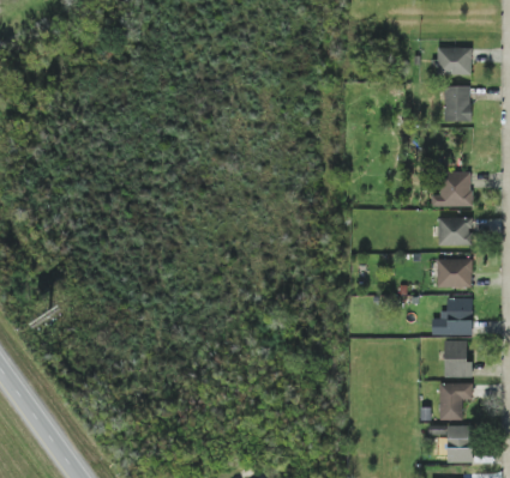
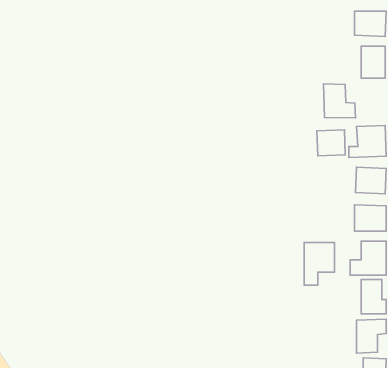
building: none -> [324,84,355,118]
building: none -> [317,130,345,156]
building: none -> [304,243,335,285]

